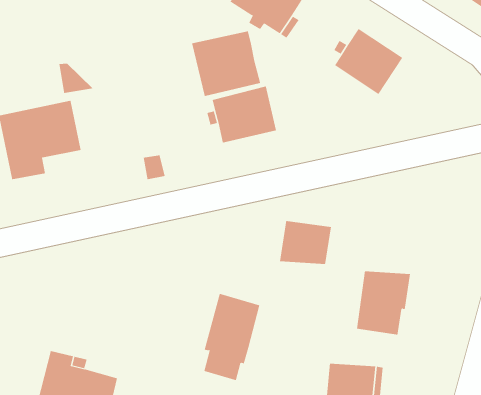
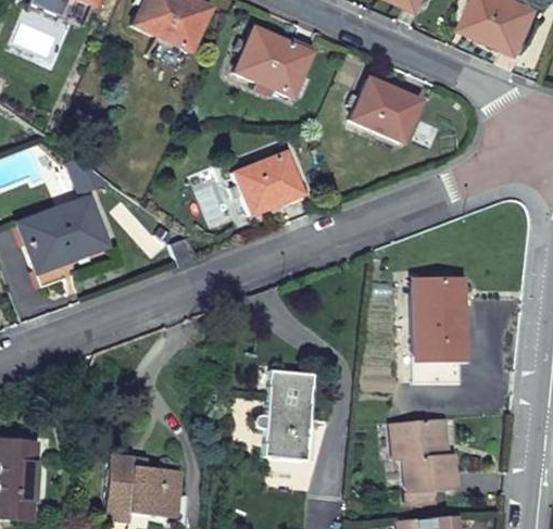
building: [192,31,261,97] -> none
building: [279,221,332,265] -> [414,279,462,323]

